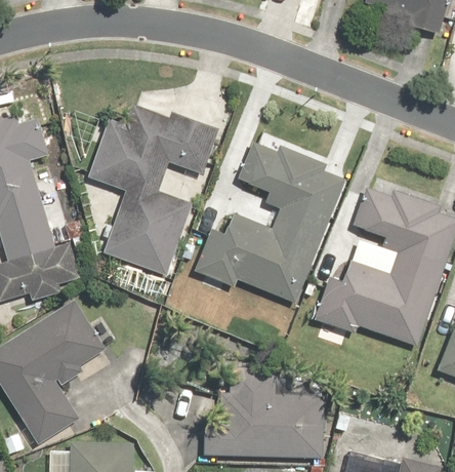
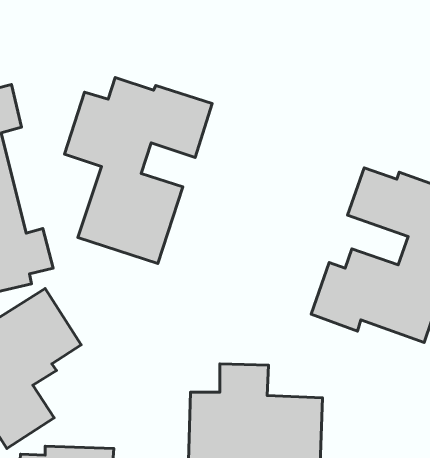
building: [196,143,345,304] -> none

